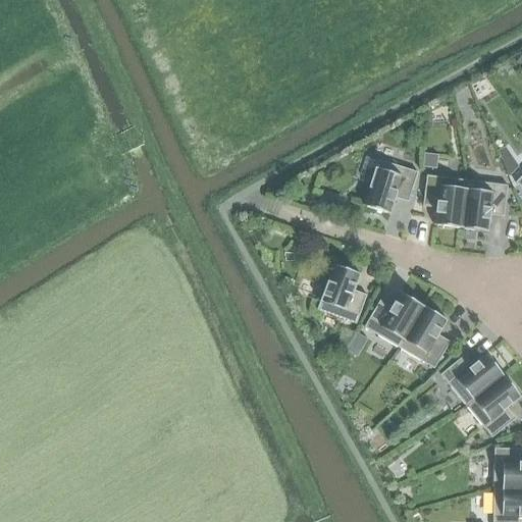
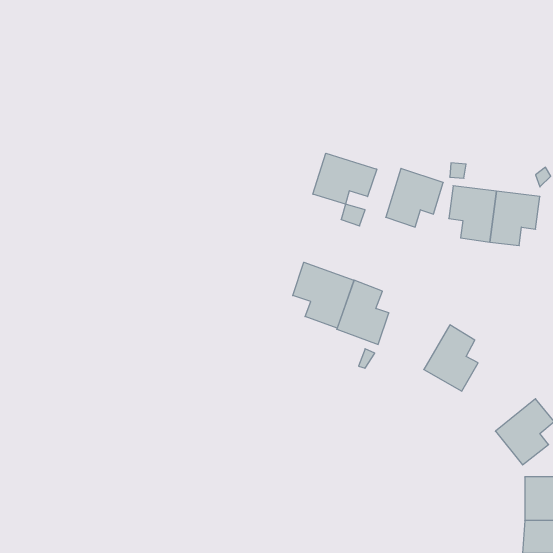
building: none -> [313,153,377,204]
building: none -> [293,262,354,328]
building: [365,292,424,347] -> none
building: [441,353,505,405] -> none

